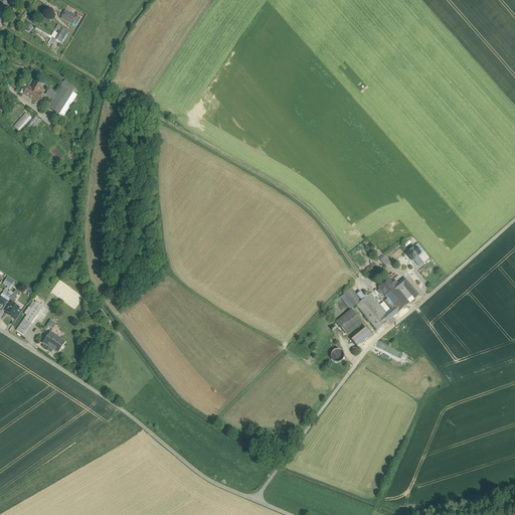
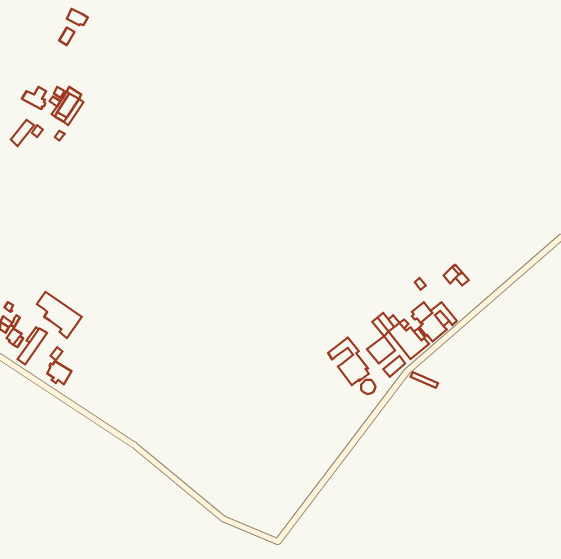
building: none -> [37,292,82,338]
building: none -> [328,338,369,385]

